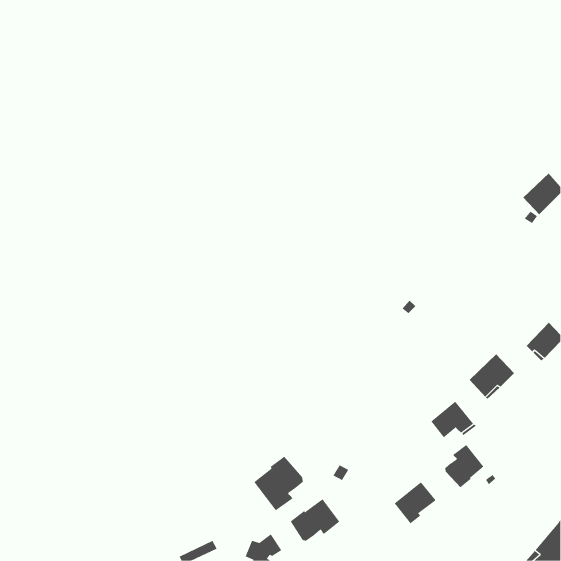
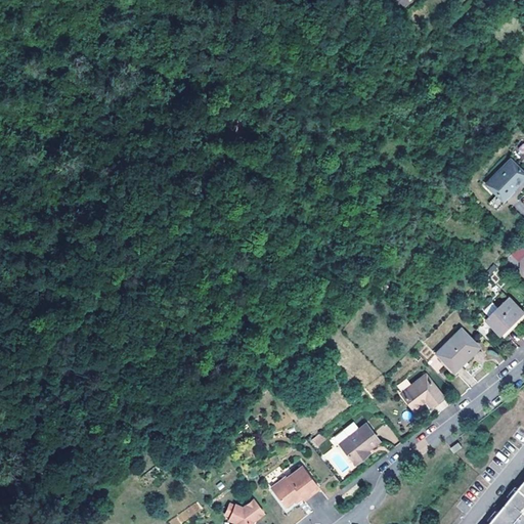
building: [445,444,484,488] -> none
building: [253,456,303,511] -> none
building: [394,481,437,524] -> [339,425,379,465]

